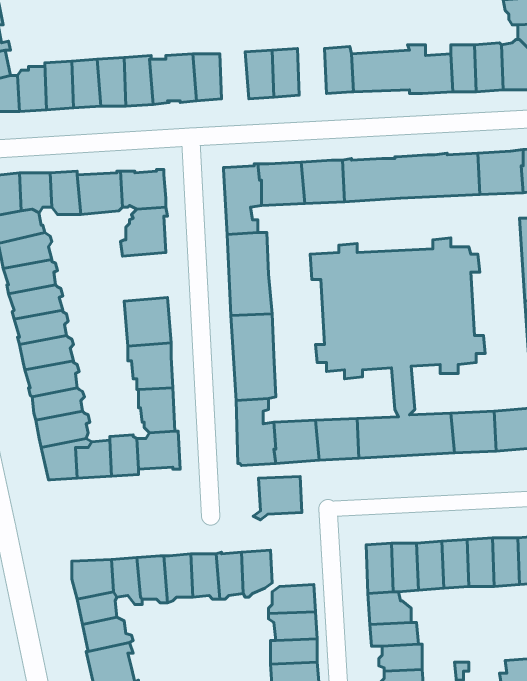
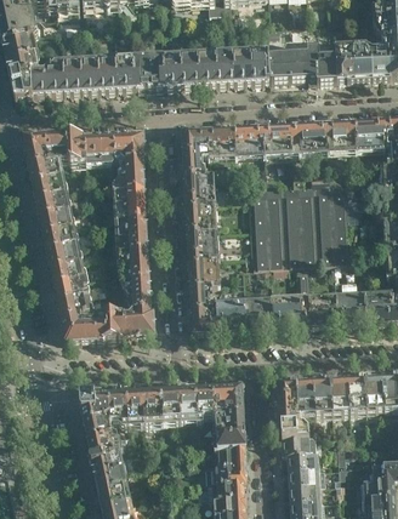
building: none -> [234,47,254,79]
building: none -> [182,50,201,81]
building: none -> [116,184,147,217]
building: [253,476,302,520] -> [212,383,245,412]

